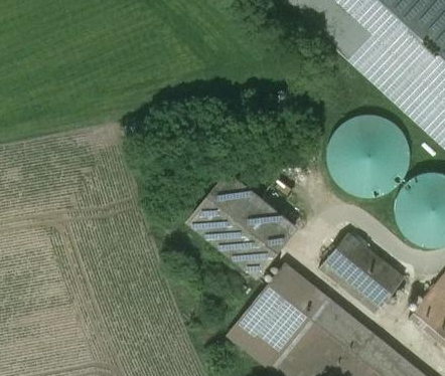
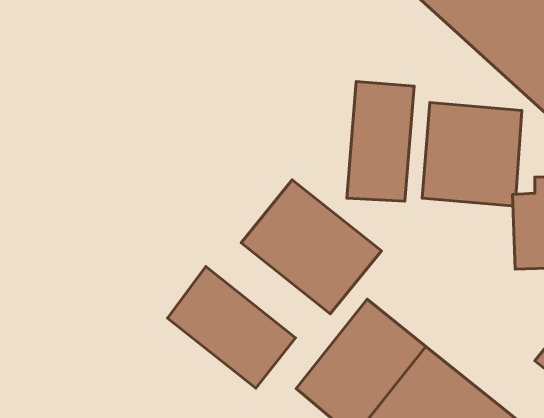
building: none -> [347,81,414,201]
building: [320,231,405,313] -> none
building: none -> [168,267,296,388]

